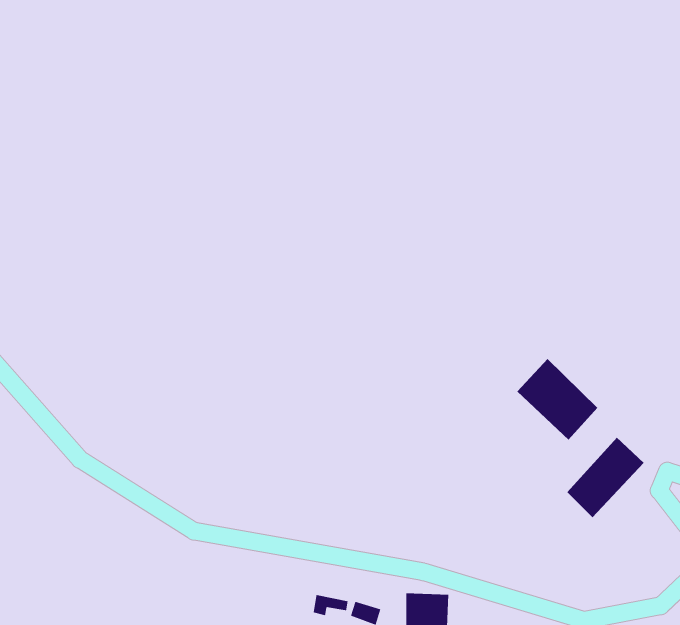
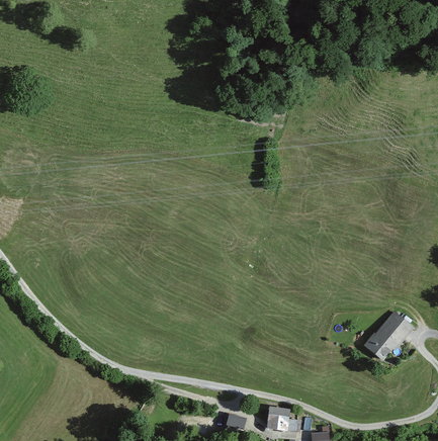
building: [516,358,598,441] -> none

